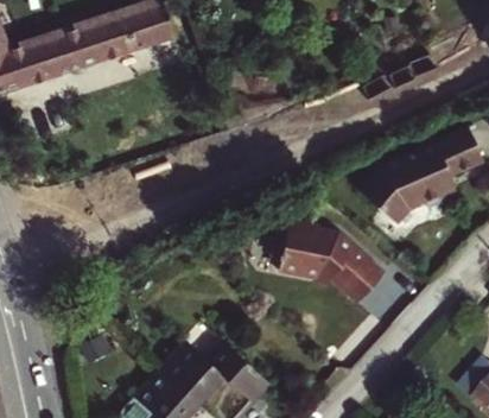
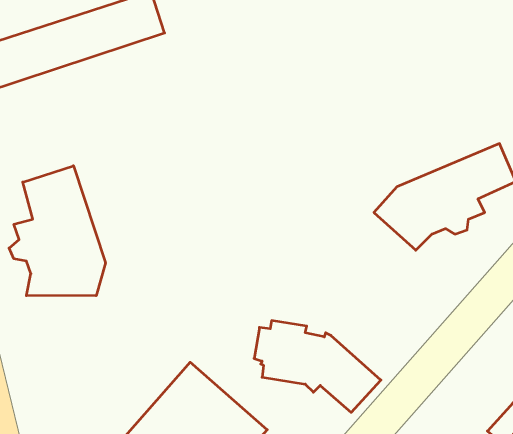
building: none -> [9,166,105,296]
building: [274,223,386,304] -> [254,321,381,412]

